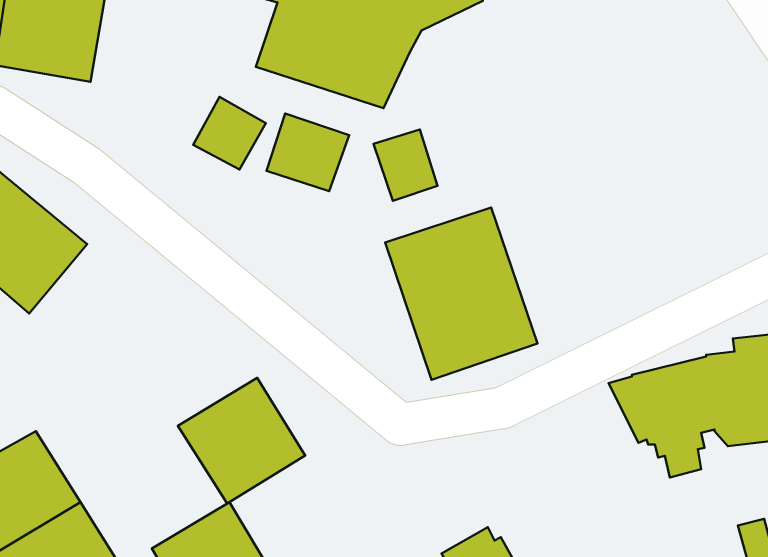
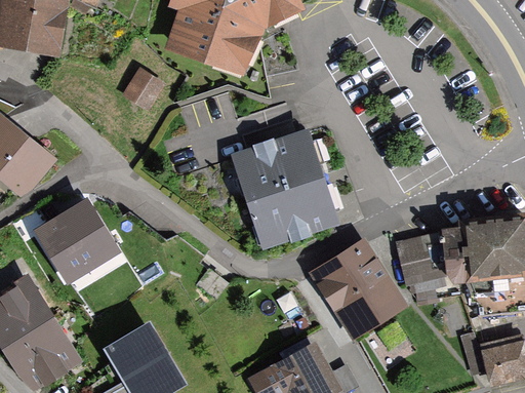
building: [267,114,349,191] -> none
building: [374,129,438,201] -> none
building: none -> [309,239,410,344]
building: [178,378,305,504] -> [39,206,118,284]

